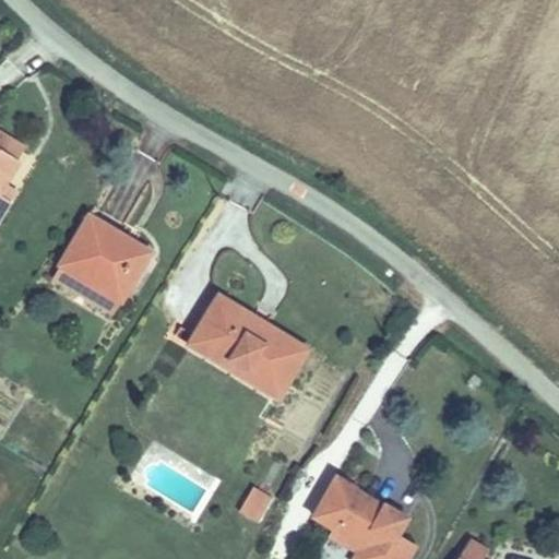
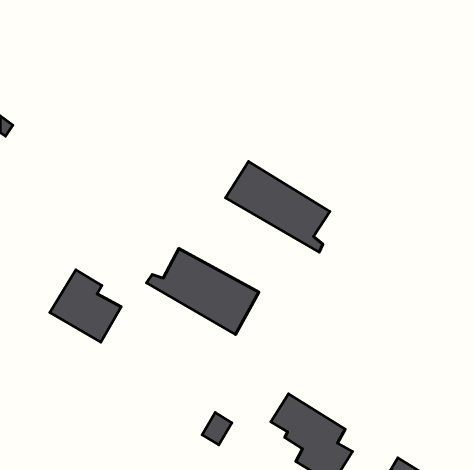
building: none -> [225,161,330,252]
building: [58,219,142,305] -> [50,270,121,342]

